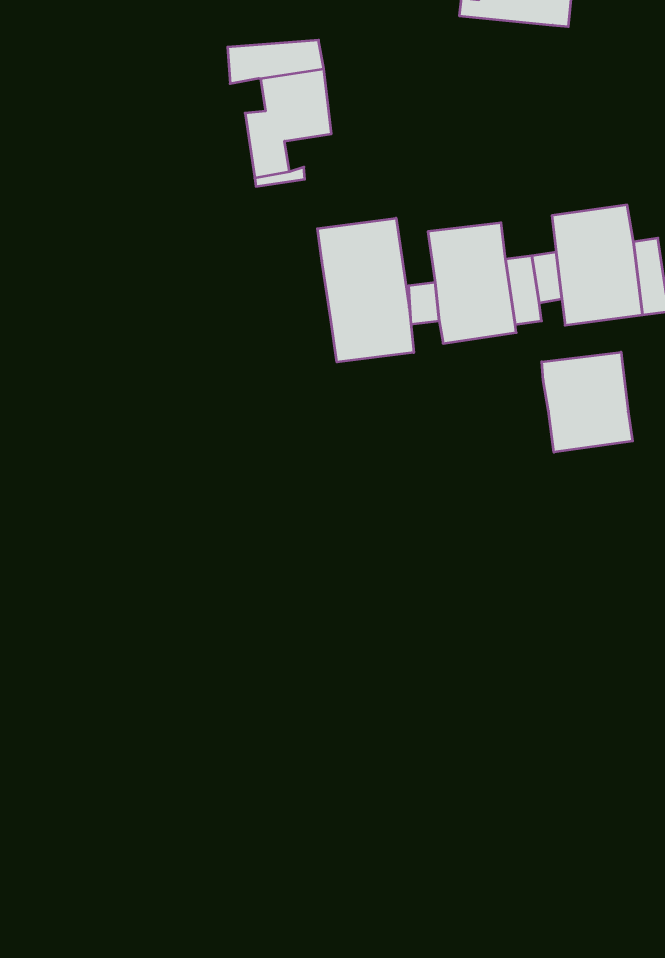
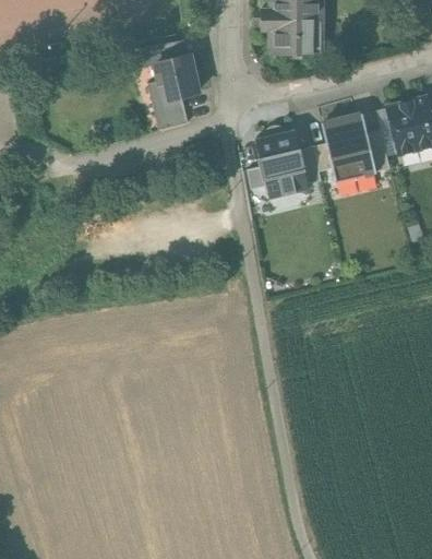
building: none -> [262,20,313,56]
building: [317,218,414,362] -> none
building: [542,352,633,452] -> none

